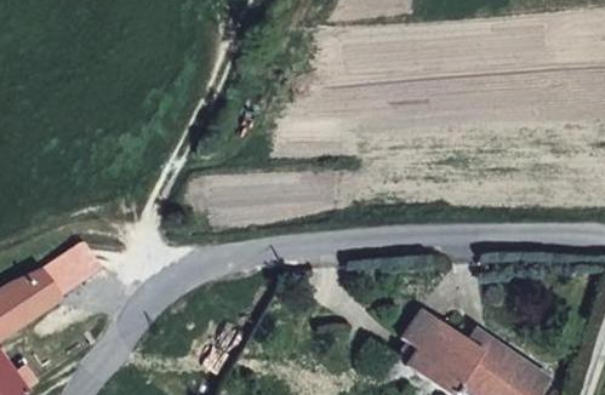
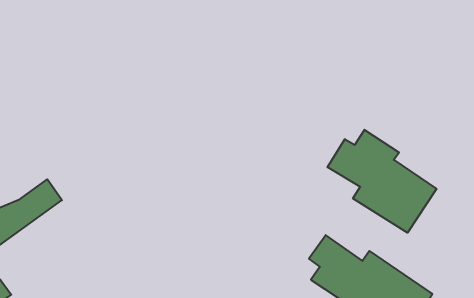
building: none -> [327,130,436,233]

